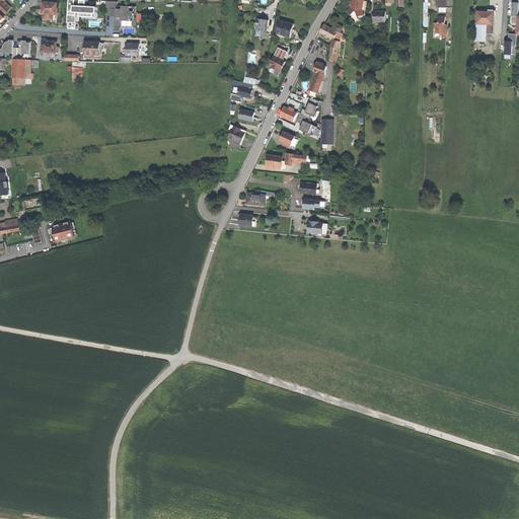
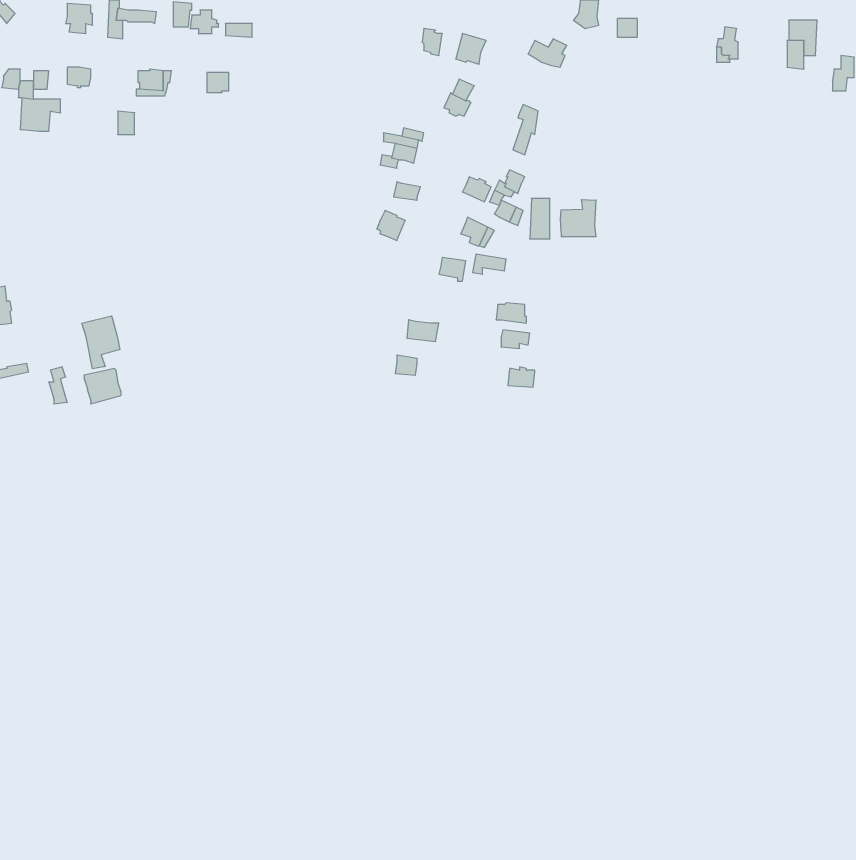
building: none -> [561,200,596,237]
building: none -> [82,316,120,369]

